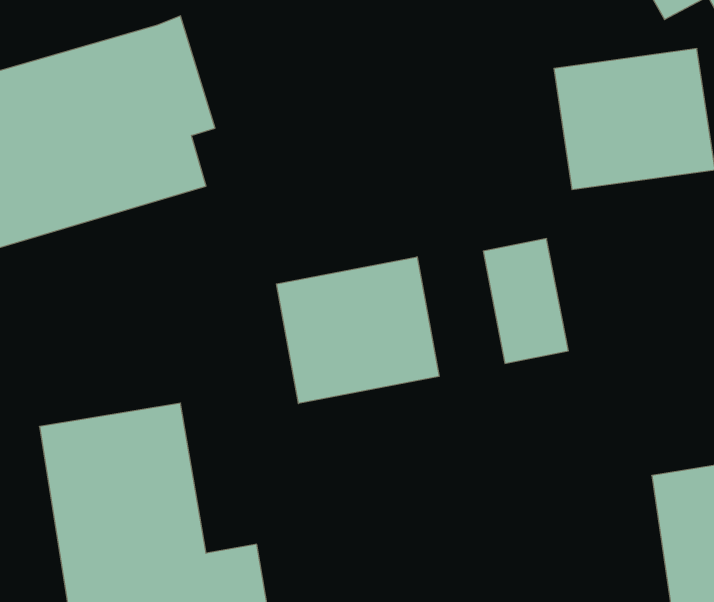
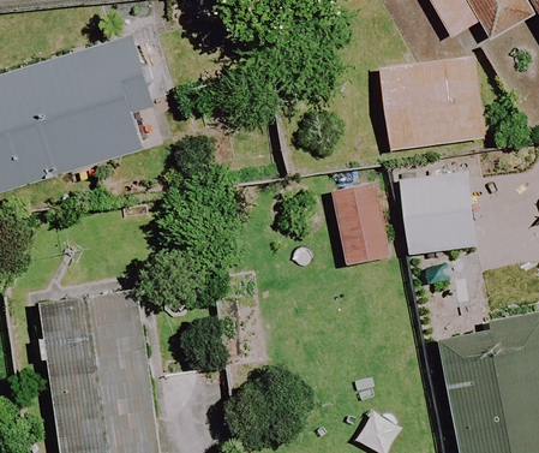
building: none -> [400,172,477,252]
building: [276,257,439,404] -> none

